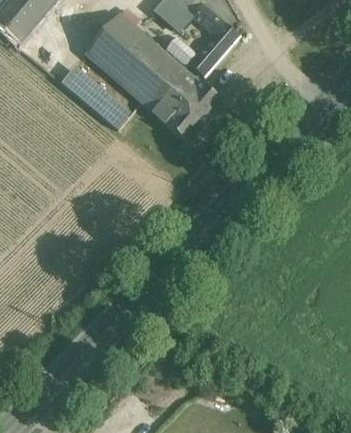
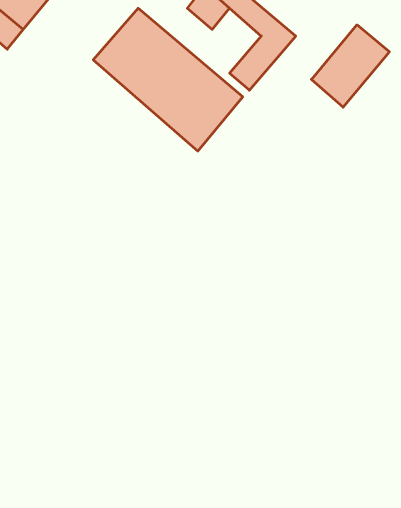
building: [63,69,129,129] -> none
building: [165,81,225,143] -> [311,25,389,107]

